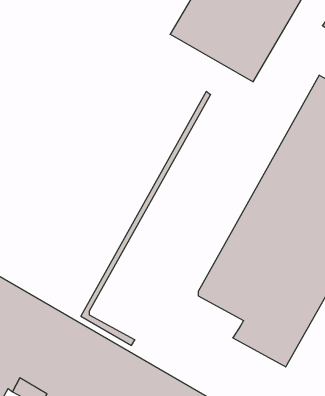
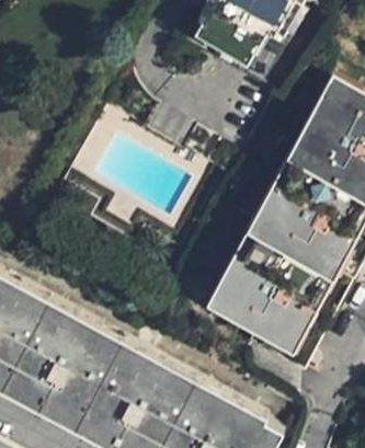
building: [81,92,211,345] -> [206,73,338,331]

